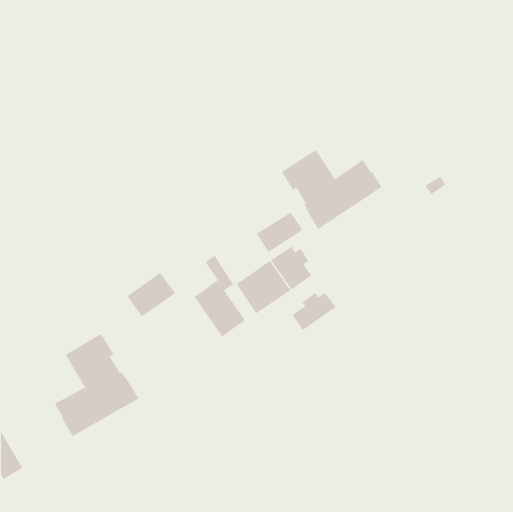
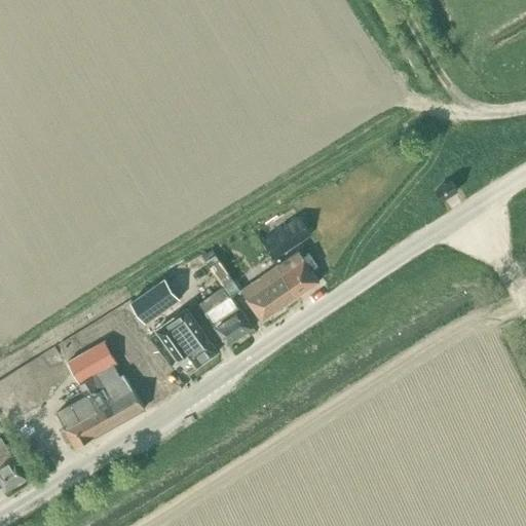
building: [281,149,382,230] -> none
building: [292,292,336,331] -> none
building: none -> [156,310,217,368]

